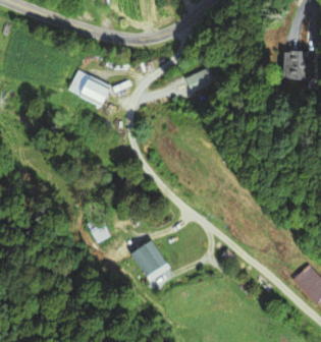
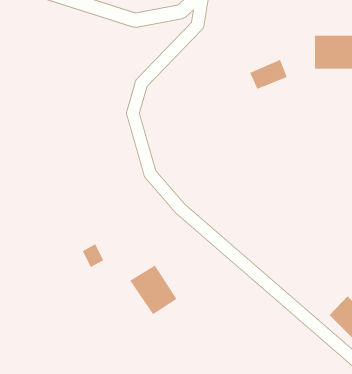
building: [189,67,220,93] -> [249,59,288,90]
building: [67,70,110,106] -> none

